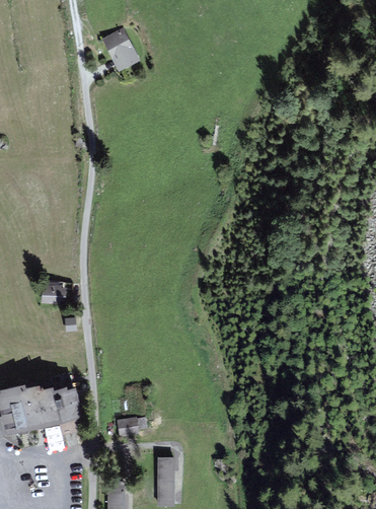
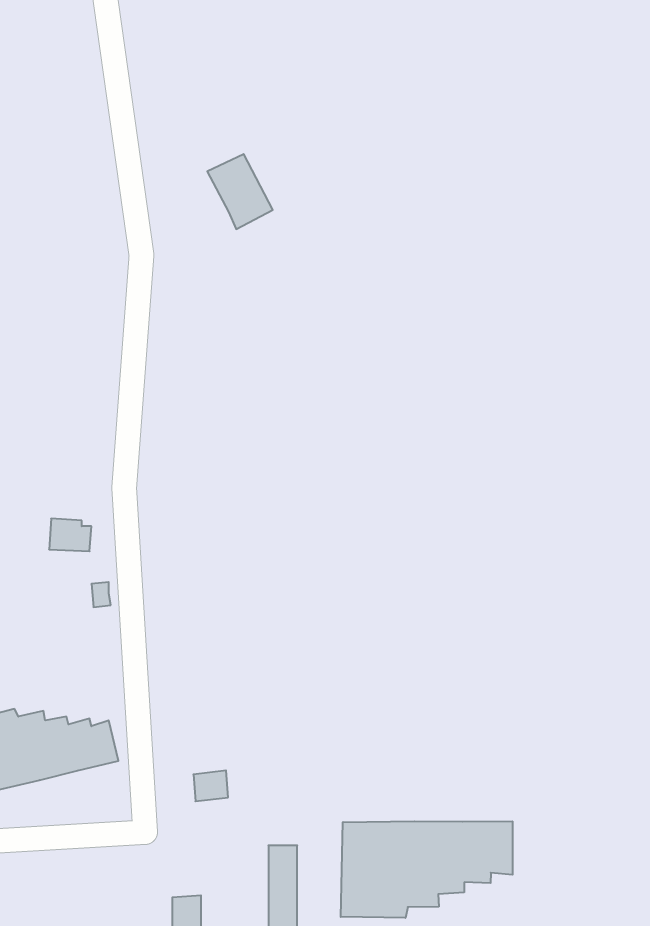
building: [103,29,138,69] -> [207,154,273,229]
building: none -> [341,821,513,918]

